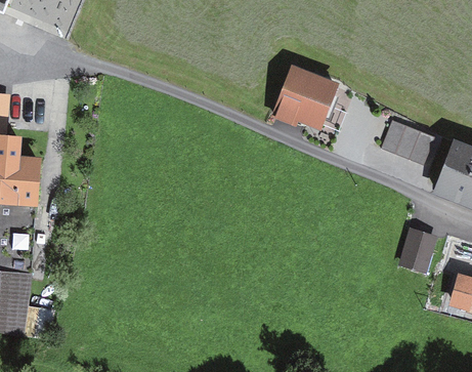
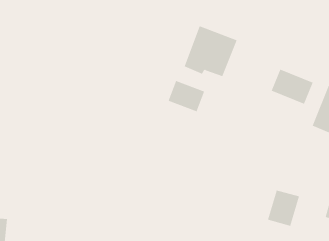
building: none -> [168,80,205,112]
building: [396,226,437,273] -> [267,190,300,226]

